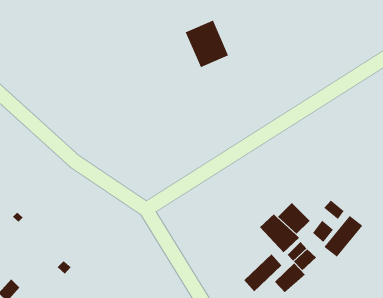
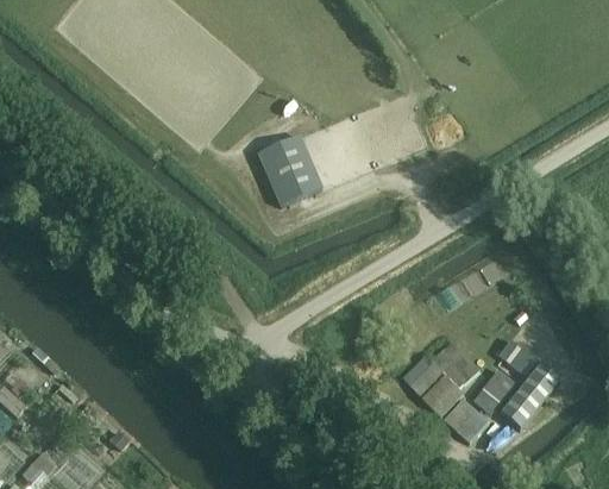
building: [185,20,229,68] -> [258,136,322,206]
building: [244,253,282,292] -> none
building: [274,263,306,293] -> none

